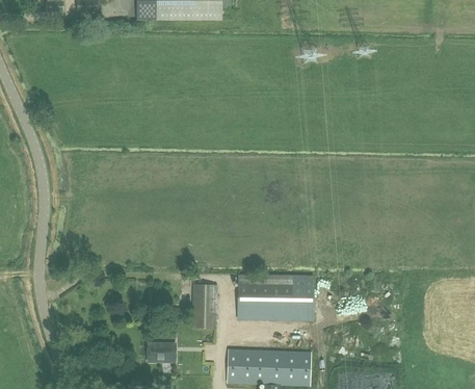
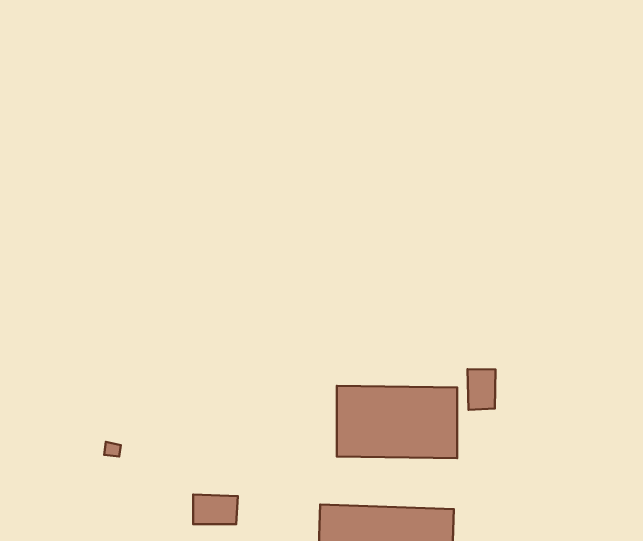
building: none -> [468,369,495,410]
building: [191,283,216,328] -> none

